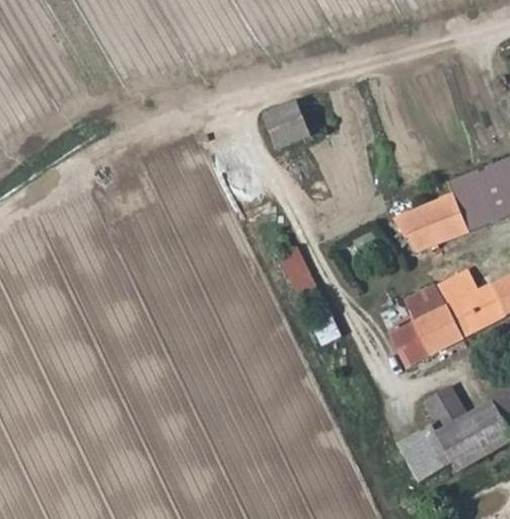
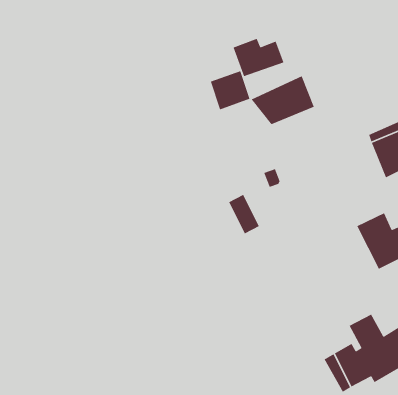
building: none -> [233,38,285,77]
building: [394,192,470,250] -> [250,75,315,125]
building: [389,285,462,366] -> none

